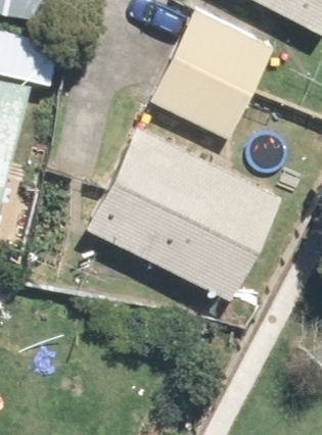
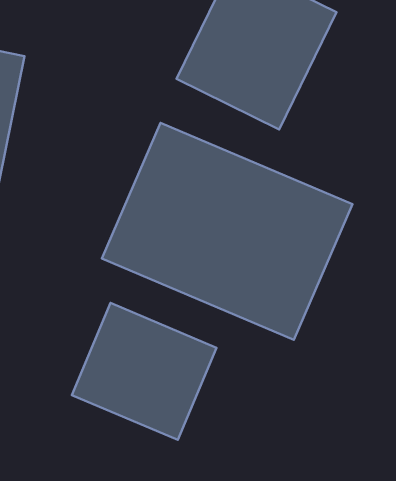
building: none -> [72,303,216,440]

